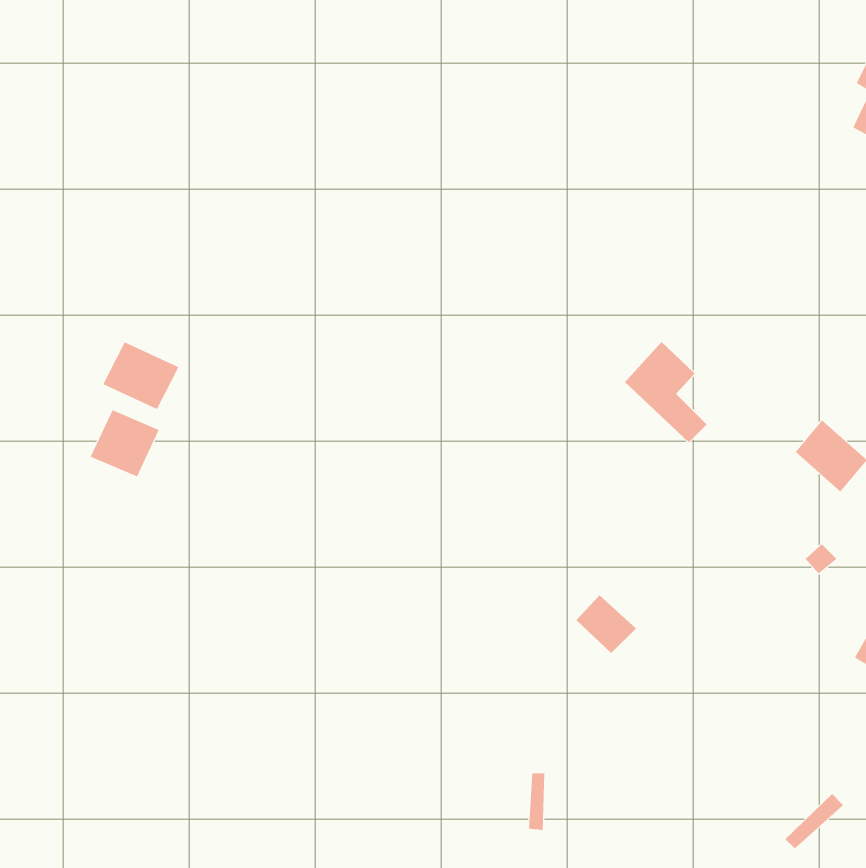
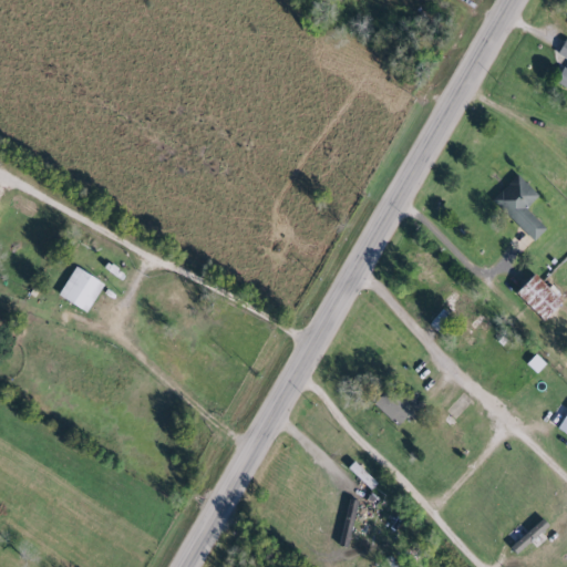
building: [624,341,707,443] -> [494,174,548,240]
building: [103,341,179,410] -> none

